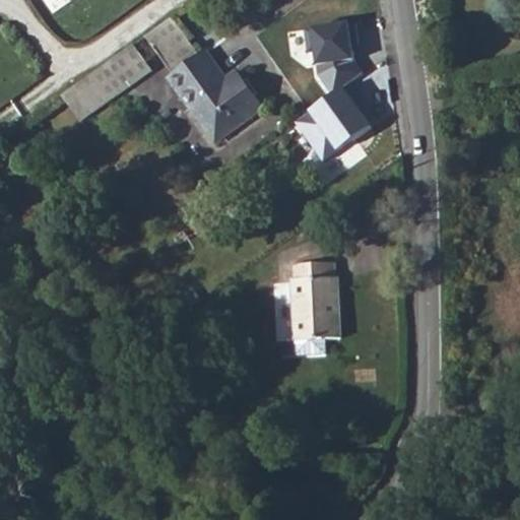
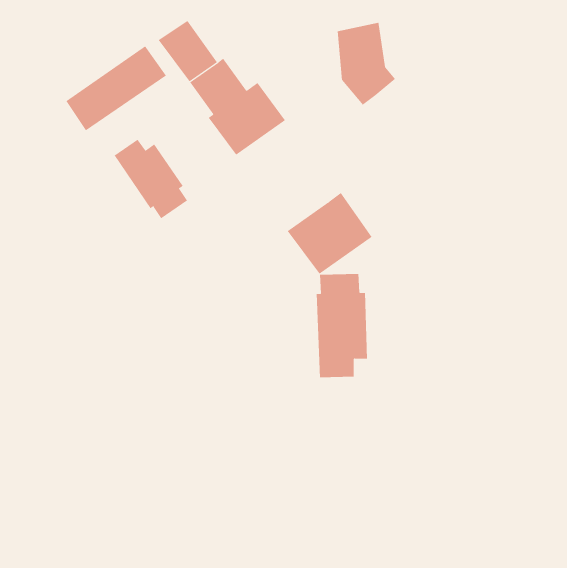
building: [294,87,372,162] -> [287,192,372,275]
building: none -> [114,139,188,219]

